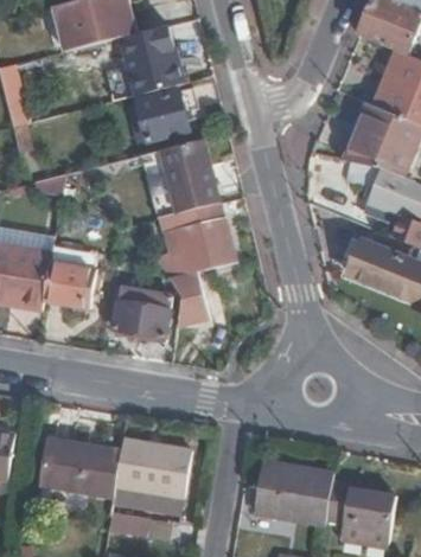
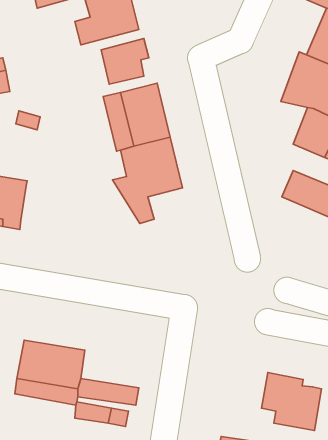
building: [44,260,94,307] -> none
building: [115,288,172,335] -> none
building: [114,438,189,495] -> none
building: [253,462,333,524] -> none

